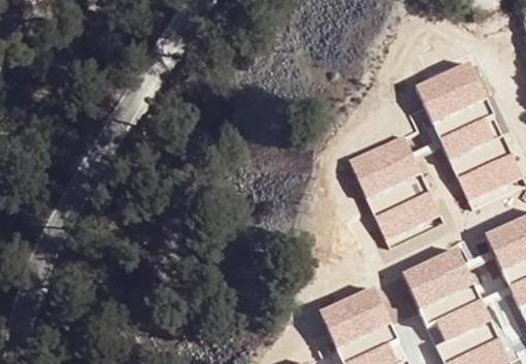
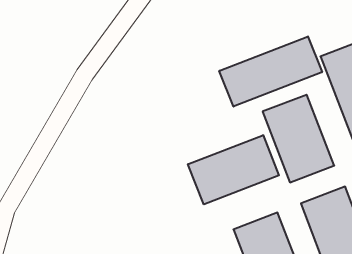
building: none -> [219,36,322,107]
building: none -> [188,135,279,204]

